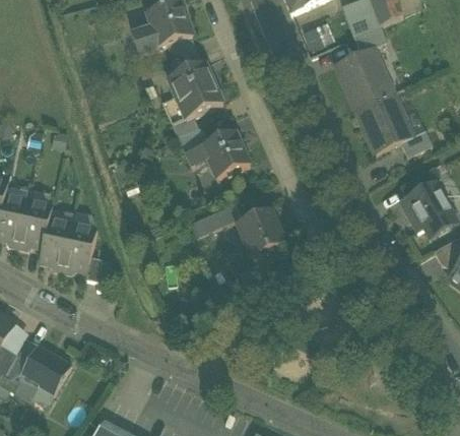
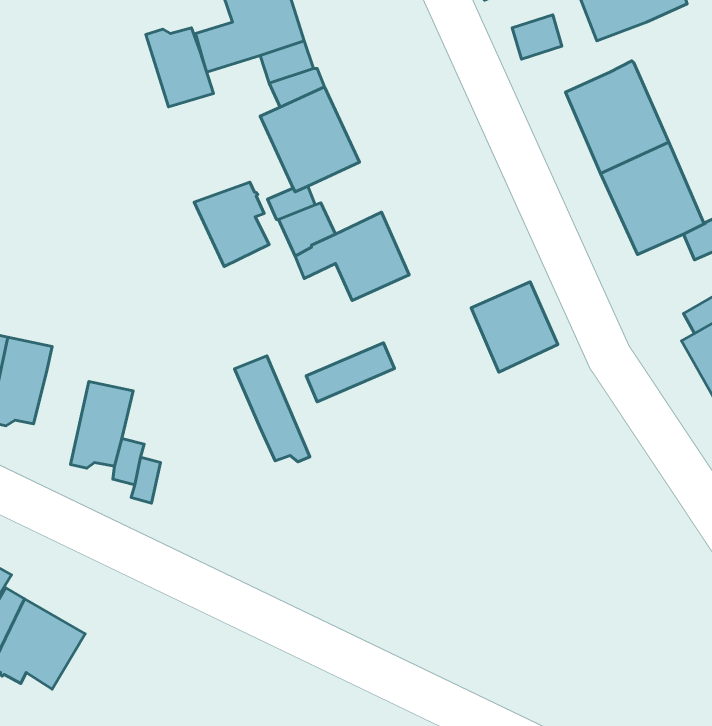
building: [352,26,386,54] -> none
building: none -> [146,28,214,107]
building: none -> [194,182,269,267]
building: [237,209,284,259] -> [471,282,558,372]
building: none -> [235,356,310,462]
building: [39,220,72,270] -> none

